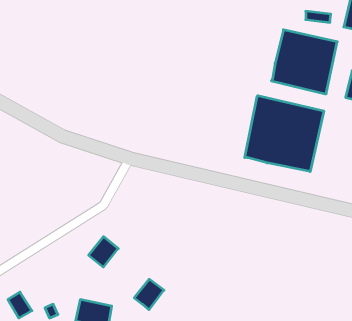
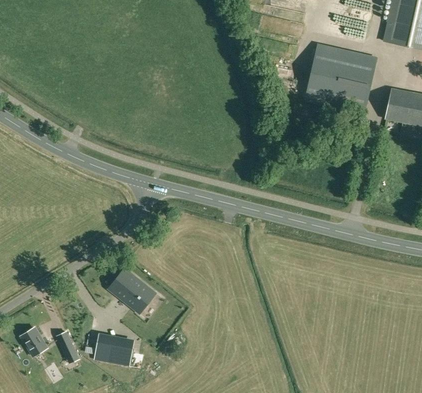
building: [245,96,324,172] -> none
building: [134,279,164,310] -> [123,280,155,313]

